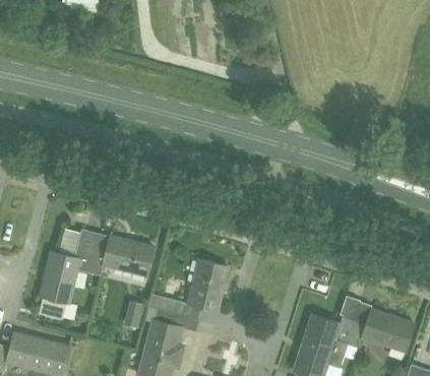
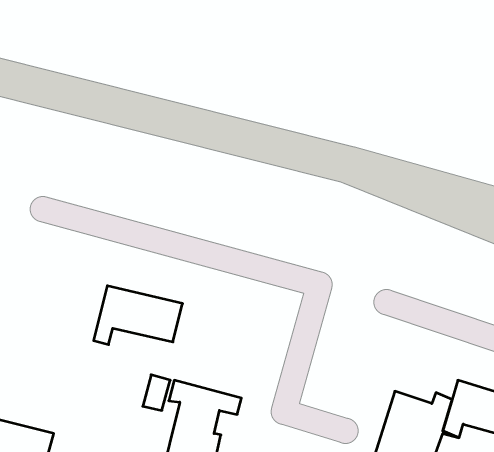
building: [41,228,99,318] -> none
building: [148,259,229,318] -> none

